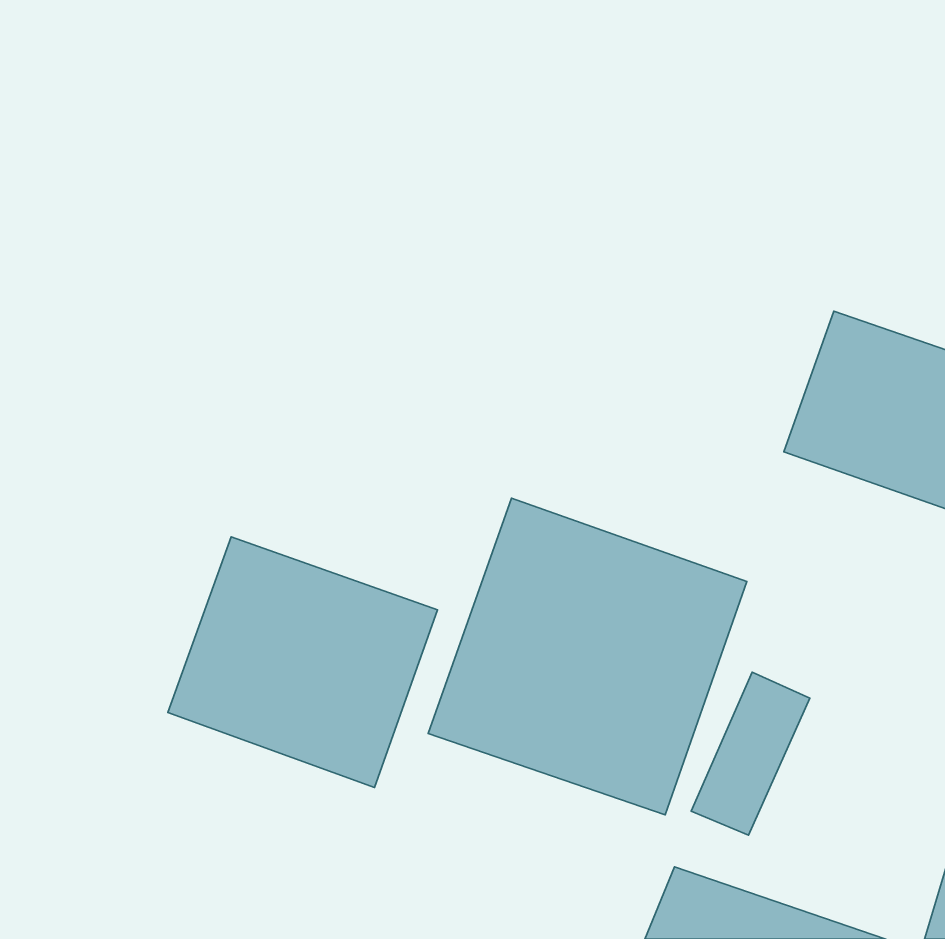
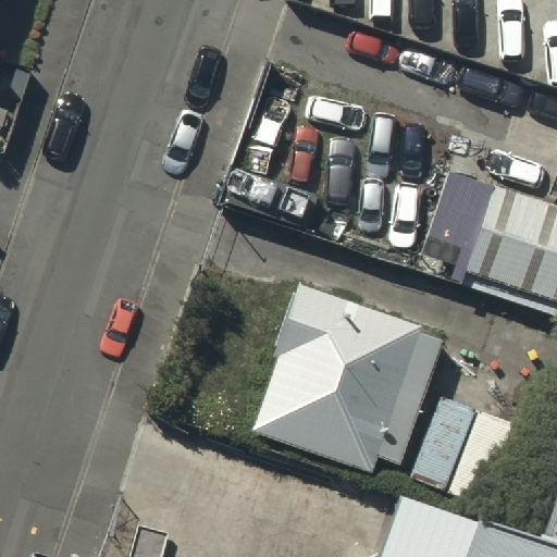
building: [168,537,437,787] -> none

